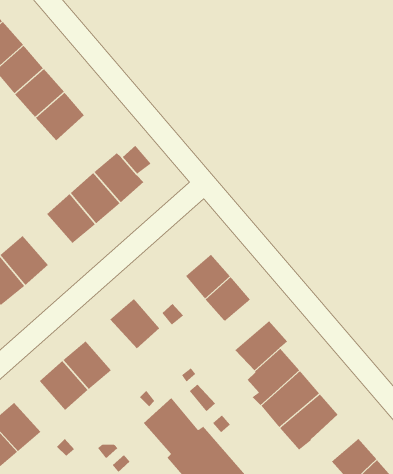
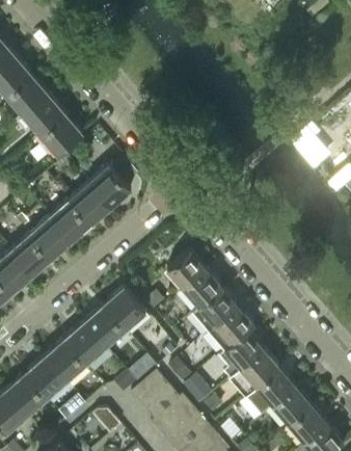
building: none -> [29,217,71,260]
building: none -> [191,289,236,331]
building: none -> [82,306,125,348]
building: none -> [22,357,64,400]
building: none -> [271,386,311,425]

